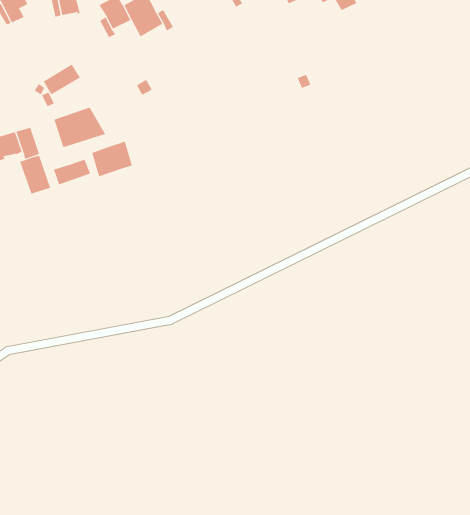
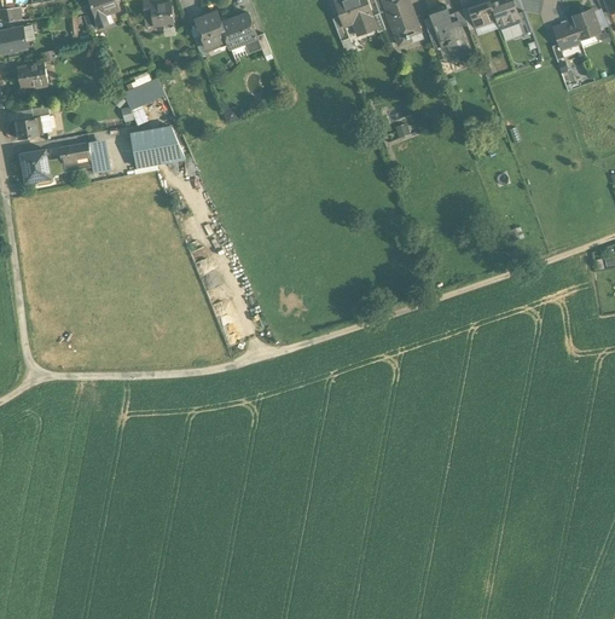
building: [91,141,133,177] -> none
building: [20,155,51,194] -> none
building: [53,159,91,185] -> none

